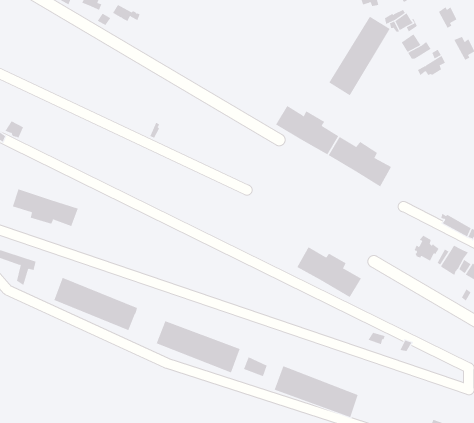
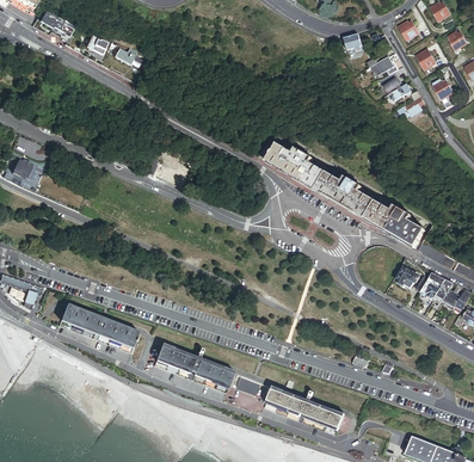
building: [328,16,391,96] -> none
building: [12,189,79,227] -> none
building: [296,247,362,298] -> [363,199,424,247]

